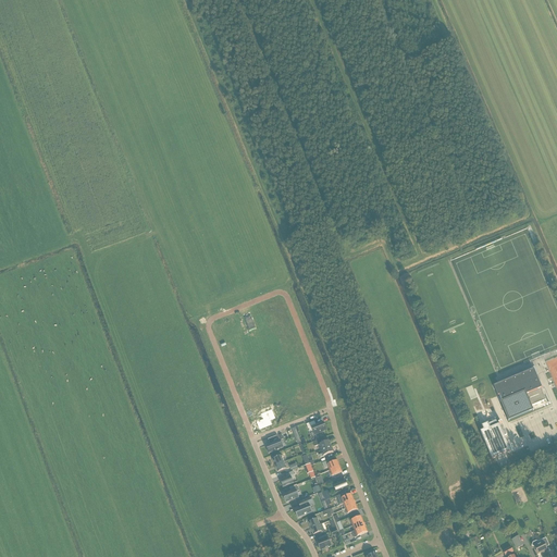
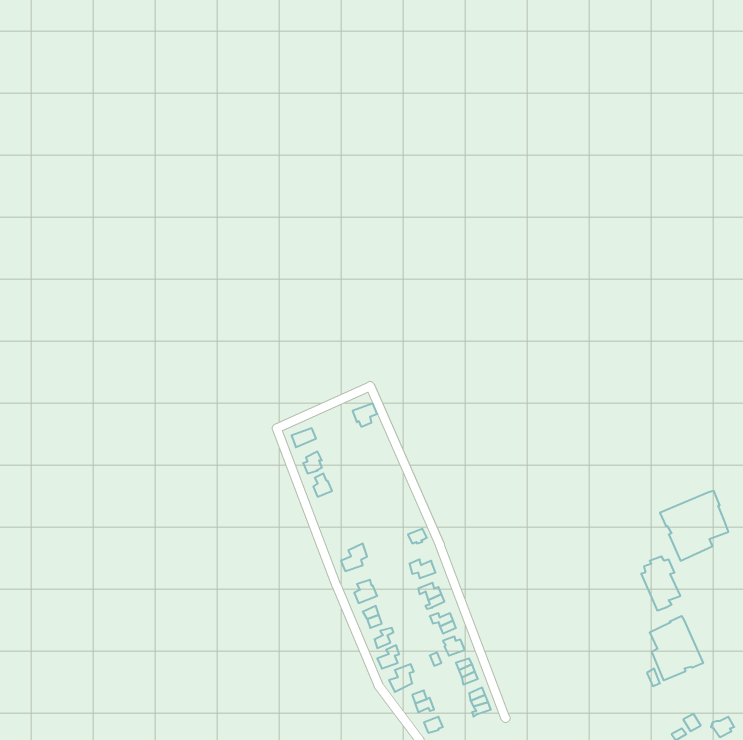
building: none -> [650,616,703,680]

